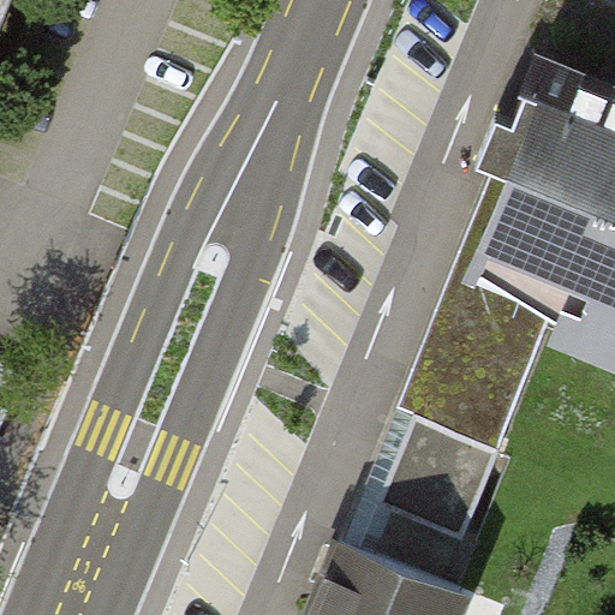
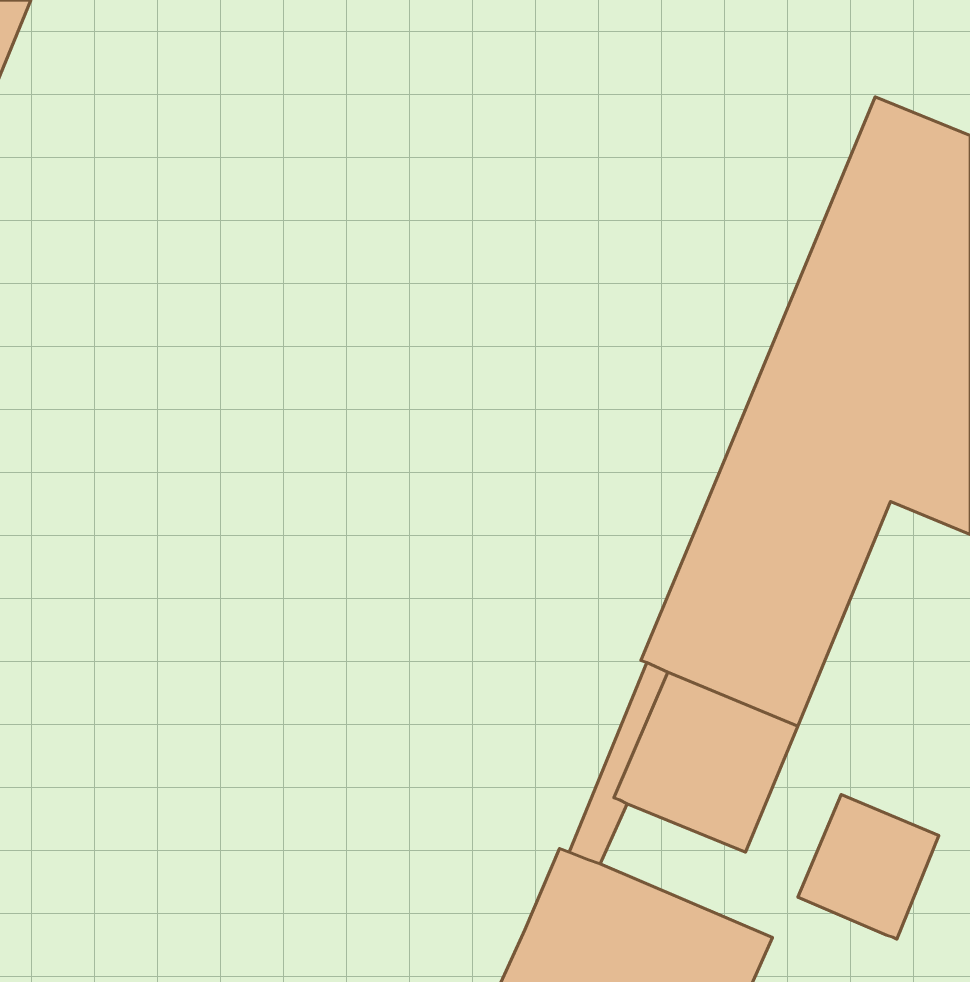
building: none -> [798,794,939,939]

